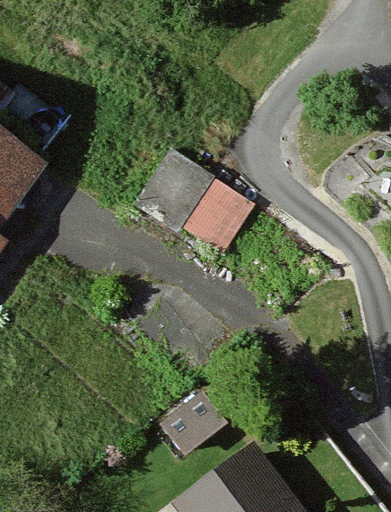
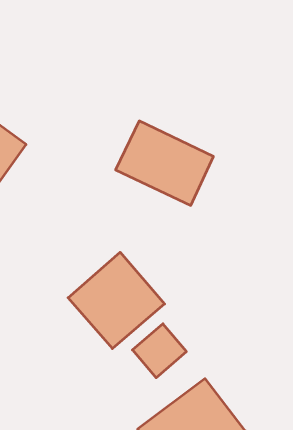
building: none -> [68,252,165,349]

